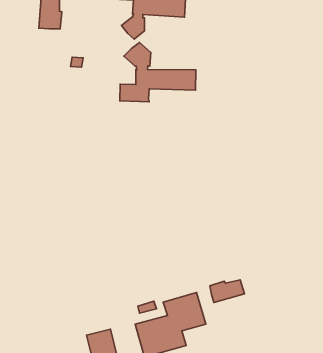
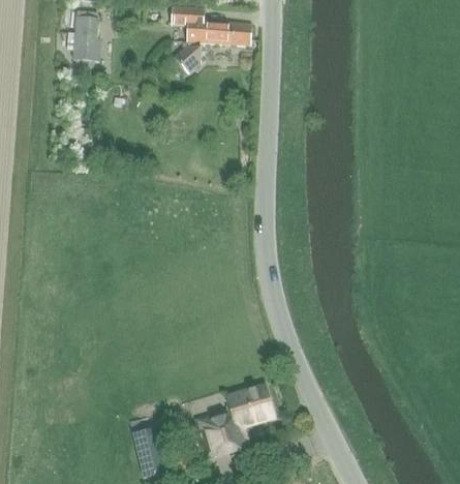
building: [120,43,196,102] -> none
building: [210,280,245,302] -> none

